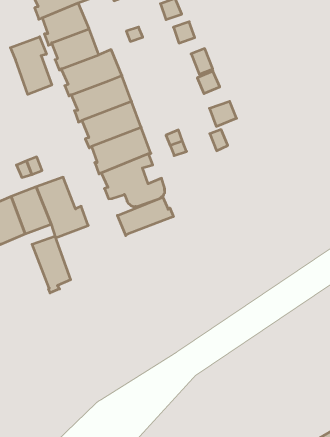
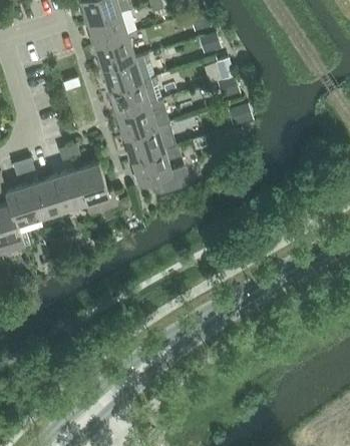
building: [10,37,52,94] -> none
building: [117,197,173,236] -> none
building: [32,236,71,293] -> none

